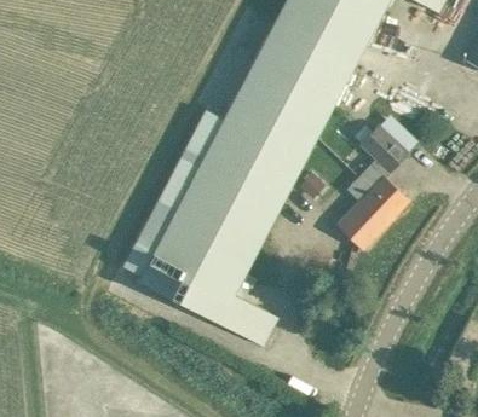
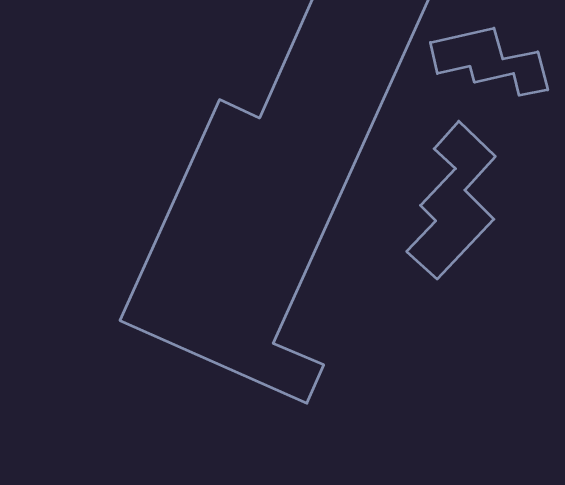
building: none -> [430,28,548,95]

